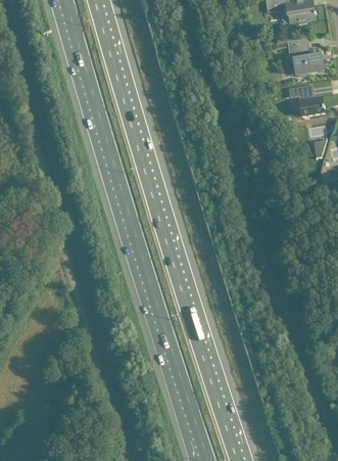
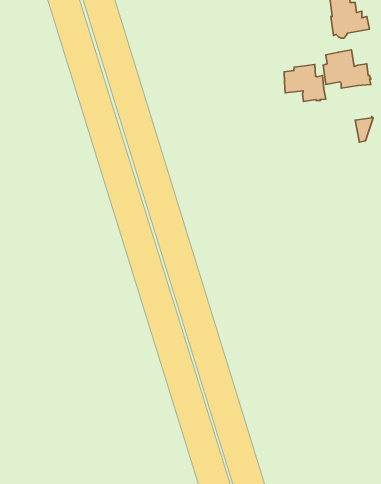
building: none -> [284,64,326,101]

